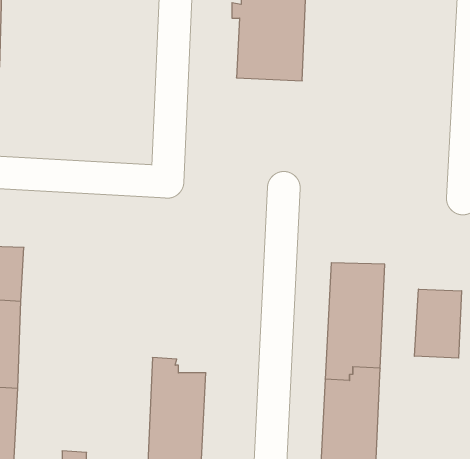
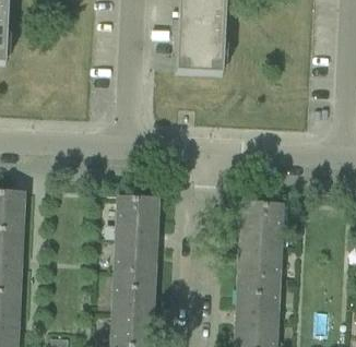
building: none -> [115,196,157,282]
building: [414,289,462,358] -> none

